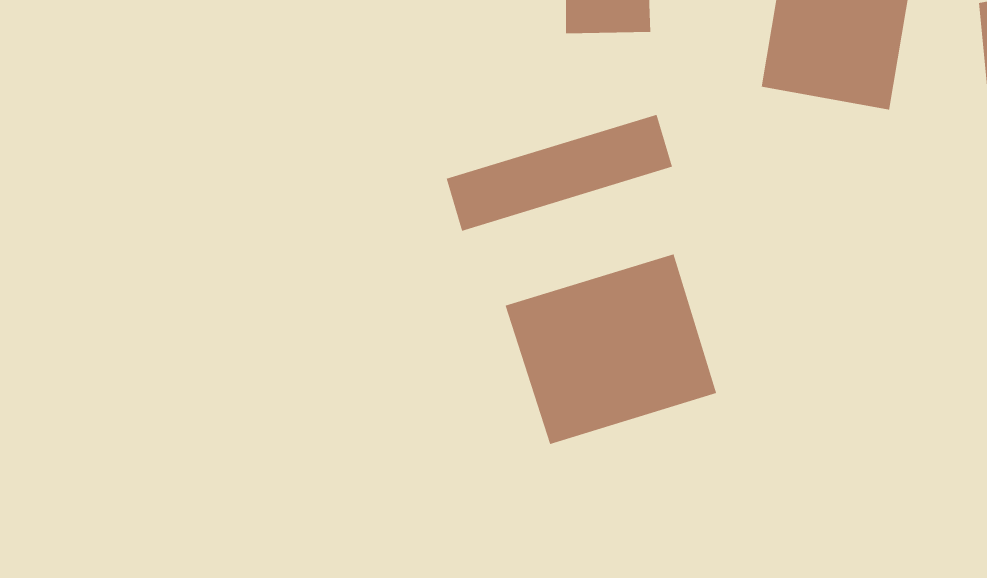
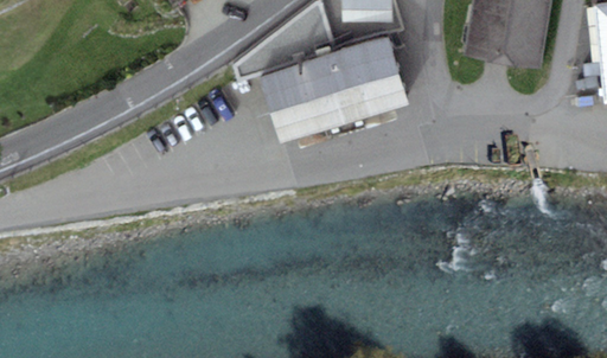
building: none -> [260,36,398,110]
building: [505,253,717,445] -> none

